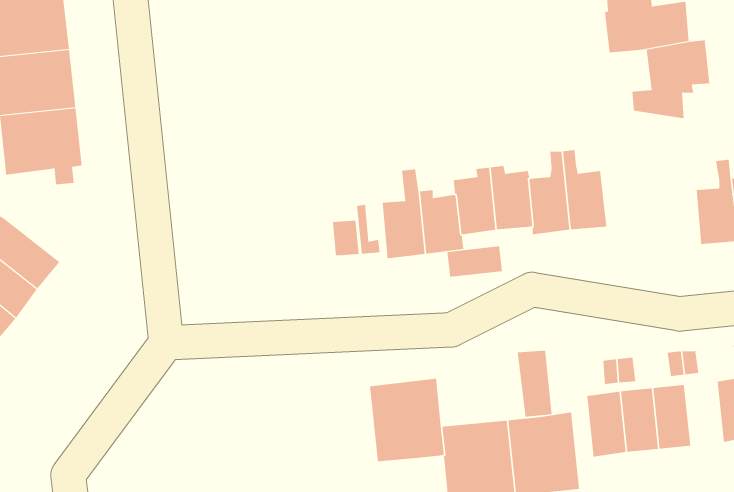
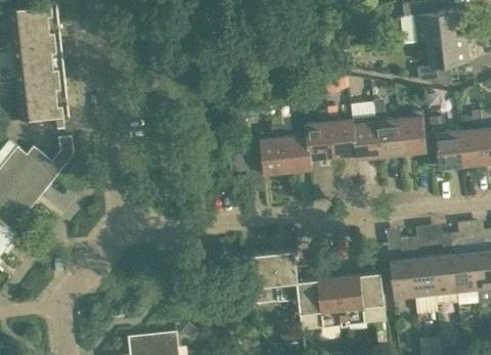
building: none -> [399,112,427,154]
building: none -> [435,128,462,169]
building: none -> [27,136,74,177]
building: [447,246,503,278] -> none
building: [517,350,552,417] -> none
building: none -> [452,253,477,294]

